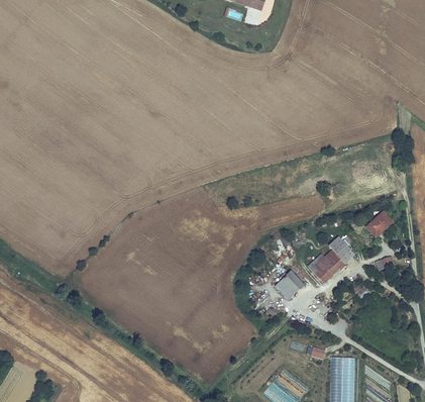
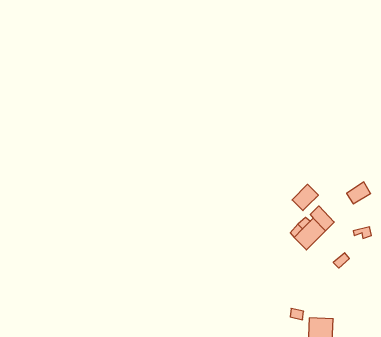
building: none -> [292,184,318,211]
building: [273,268,301,297] -> none

